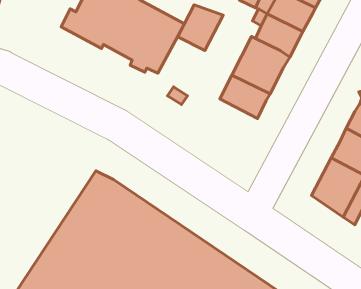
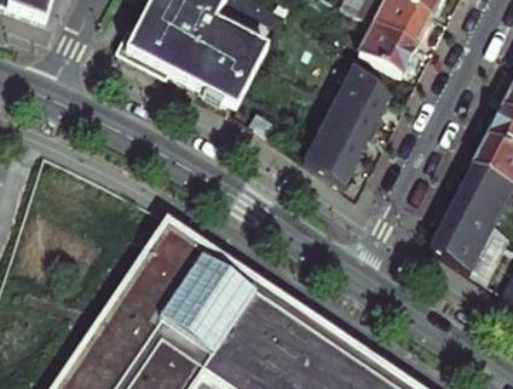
building: [178,5,223,51] -> none
building: none -> [298,132,361,193]

